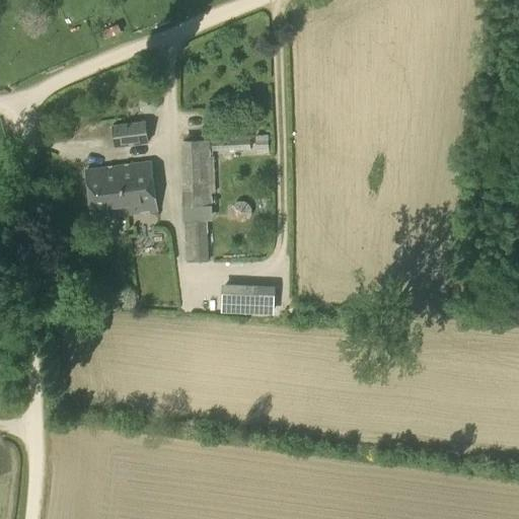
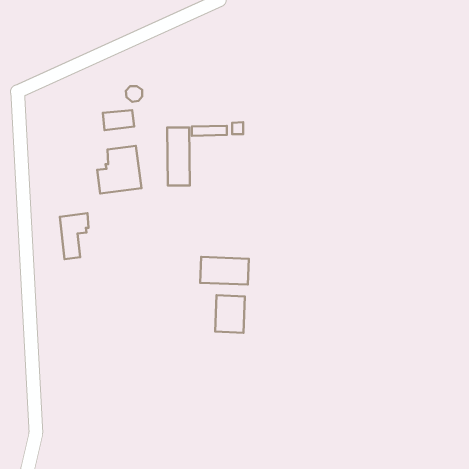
building: [88,165,120,216] -> [60,213,88,259]
building: [187,220,208,263] -> none
building: none -> [215,295,245,333]

